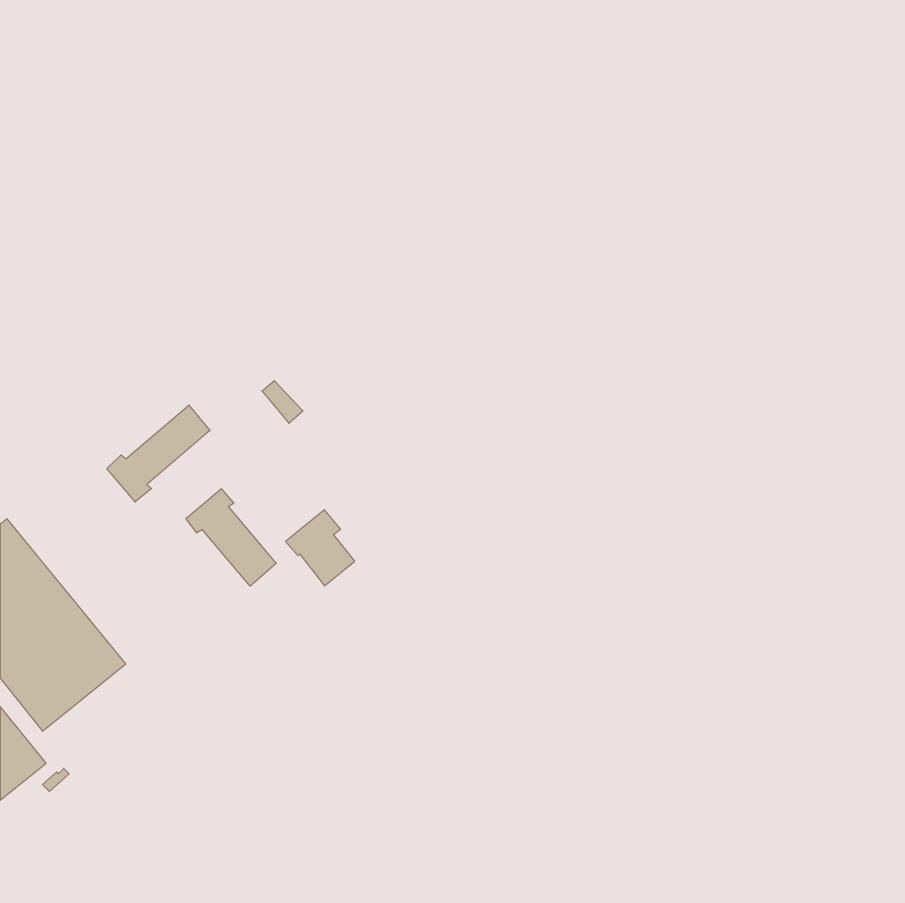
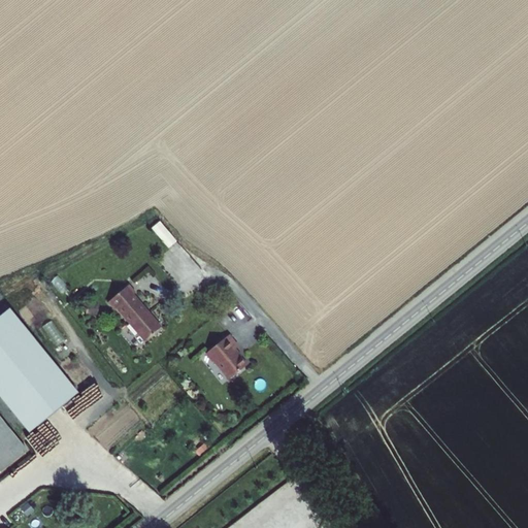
building: [107,405,210,502] -> none
building: [286,510,355,586] -> [208,333,249,377]

